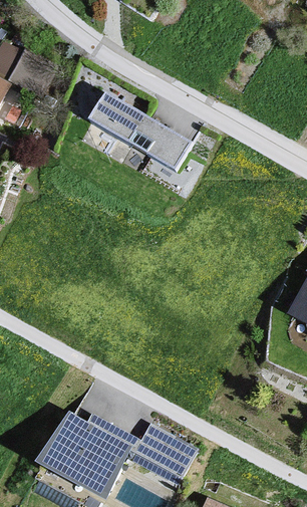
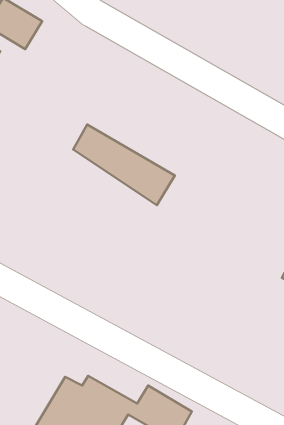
building: [85,91,188,173] -> [73,124,175,205]

